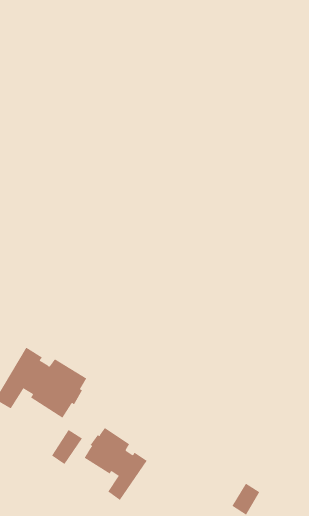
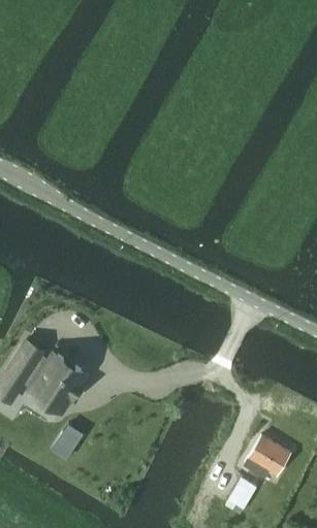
building: [84,427,148,501] -> none
building: none -> [244,435,290,474]

